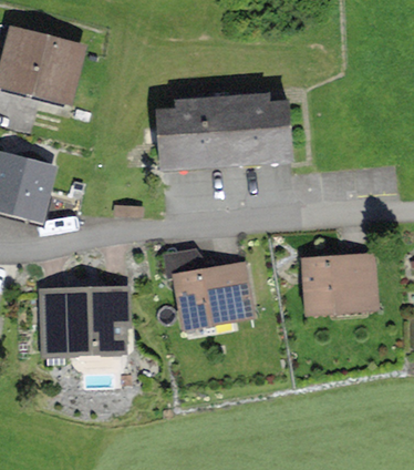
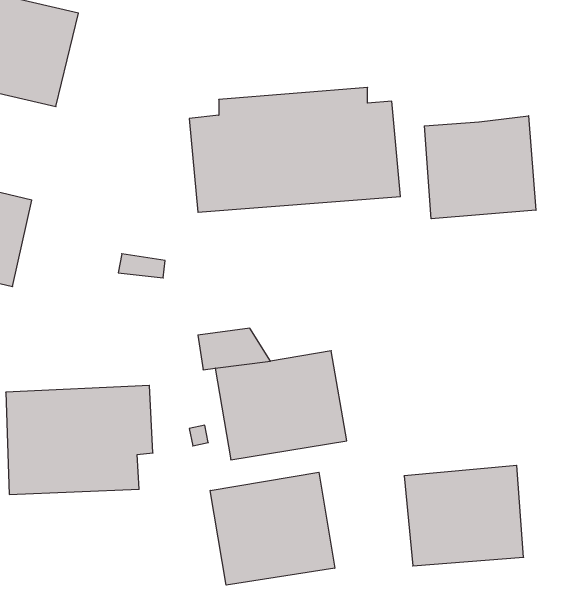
building: none -> [424,116,536,219]
building: [300,251,376,315] -> [404,465,524,566]
building: none -> [210,472,335,585]

